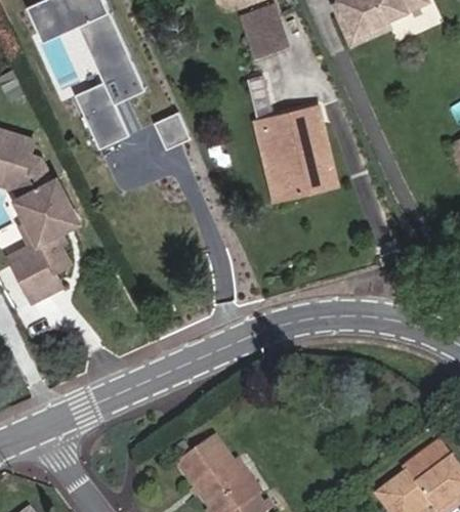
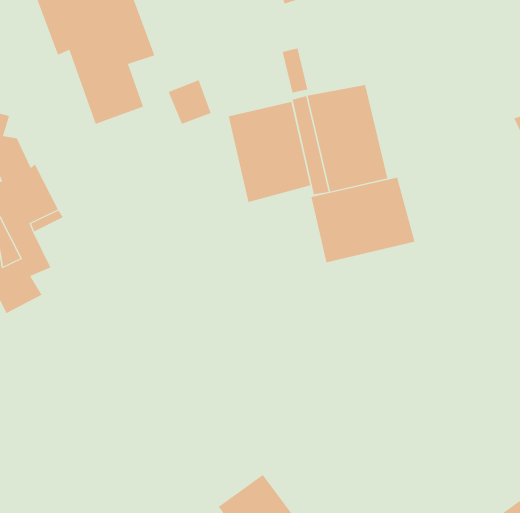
building: none -> [228,101,311,203]
building: none -> [311,177,415,263]

